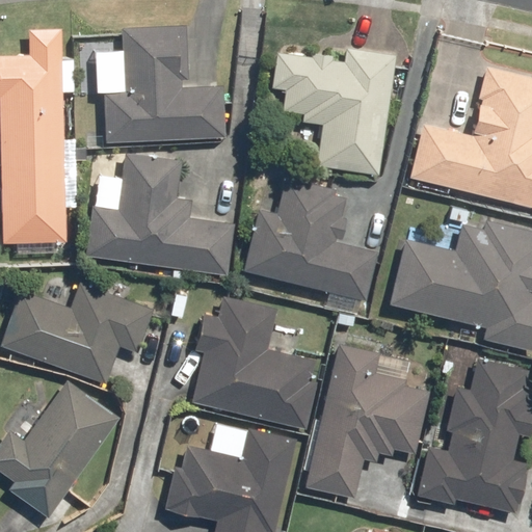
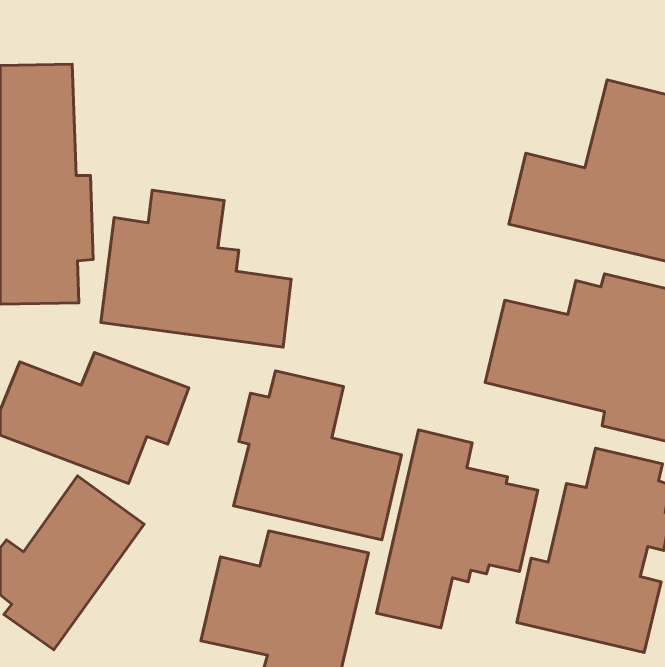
building: [92,25,225,143] -> none
building: [270,49,396,176] -> none
building: [241,178,379,302] -> none

